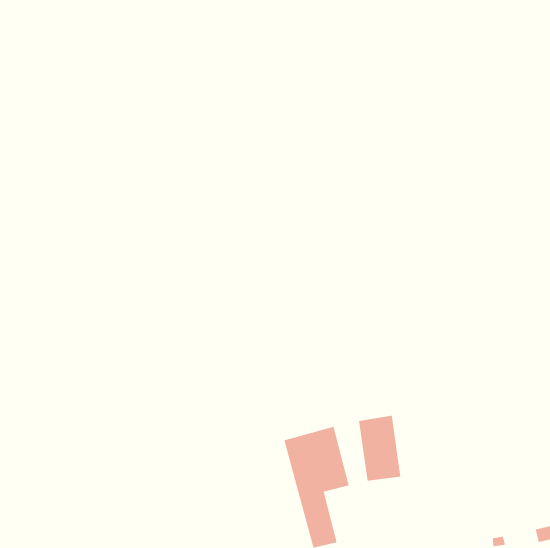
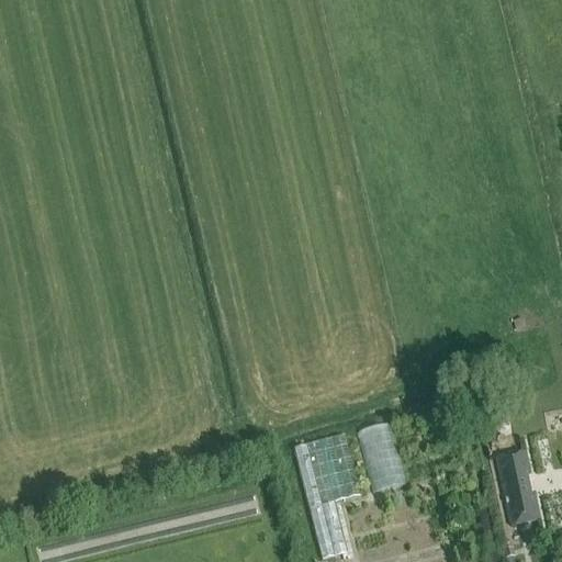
building: none -> [497,450,540,524]

